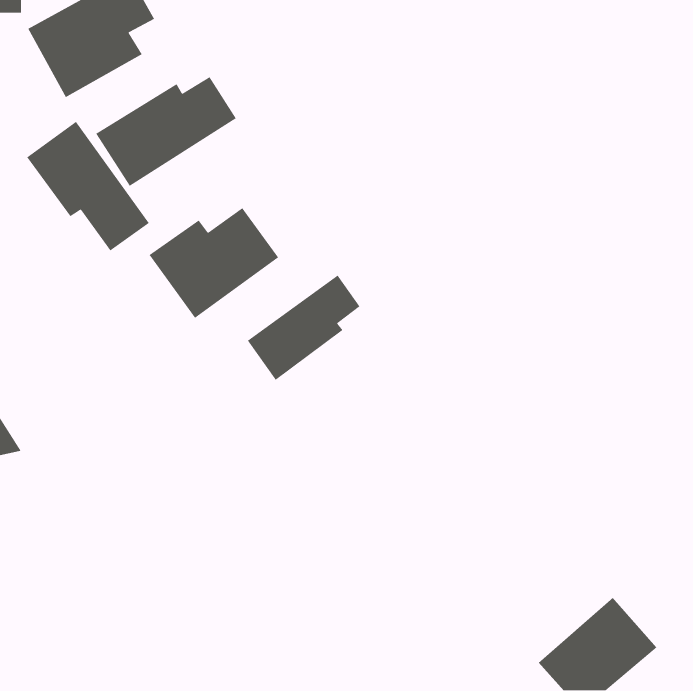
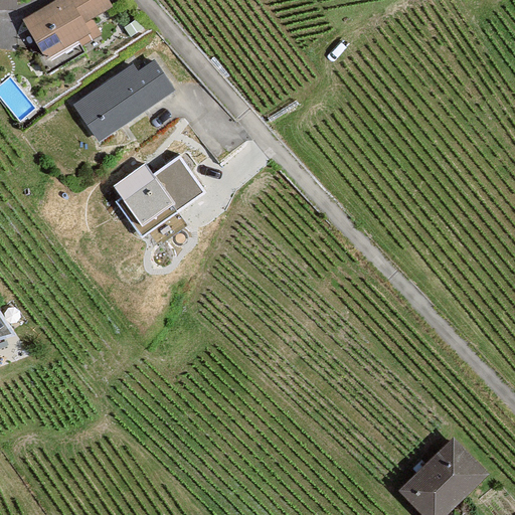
building: [26,121,150,251] -> none
building: [247,275,361,381] -> none

